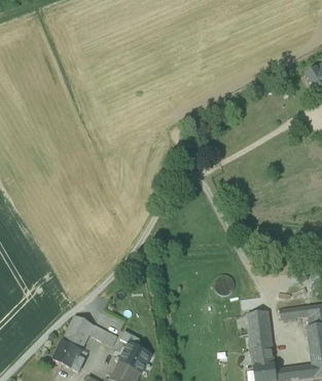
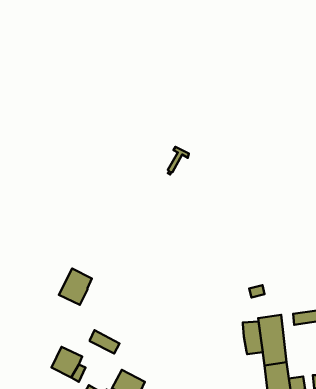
building: [62,314,93,348] -> [59,268,92,305]
building: none -> [243,321,263,354]
building: [118,342,150,372] -> none

